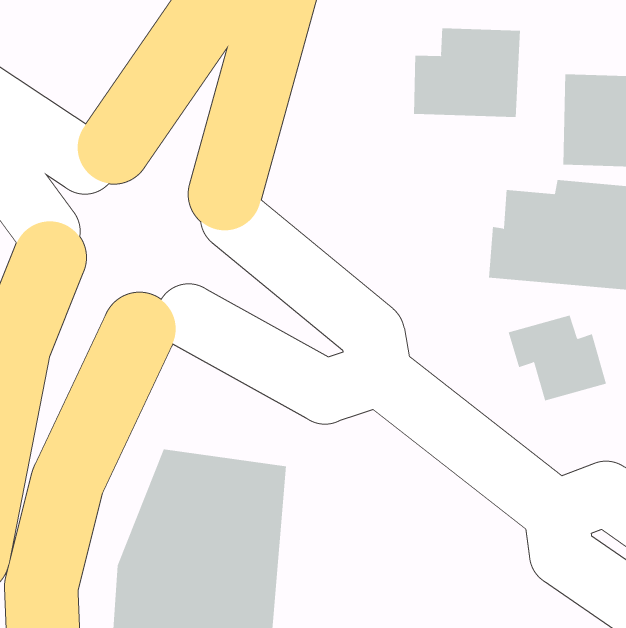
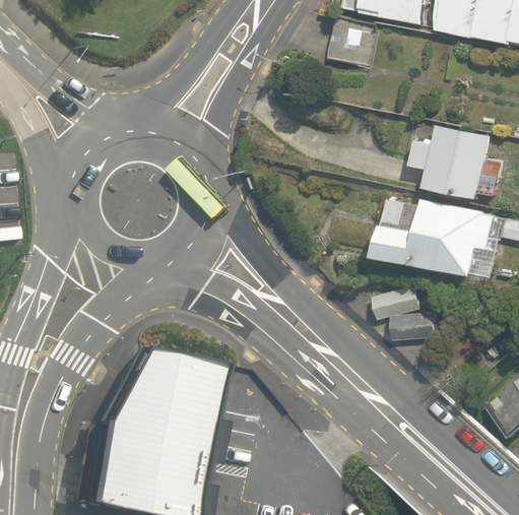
building: [413,27,520,118] -> none

